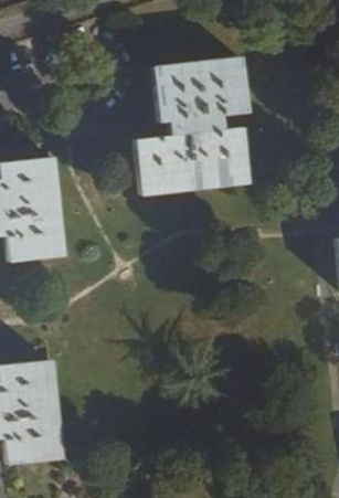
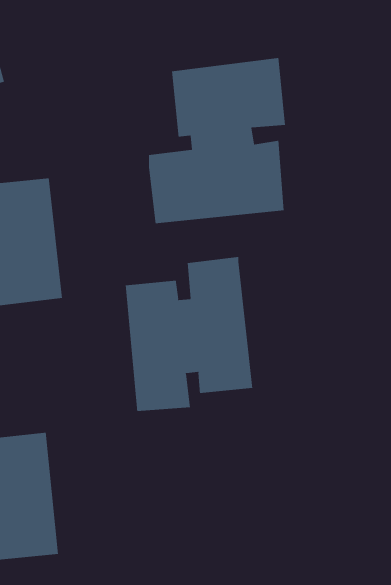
building: none -> [125,256,253,412]

